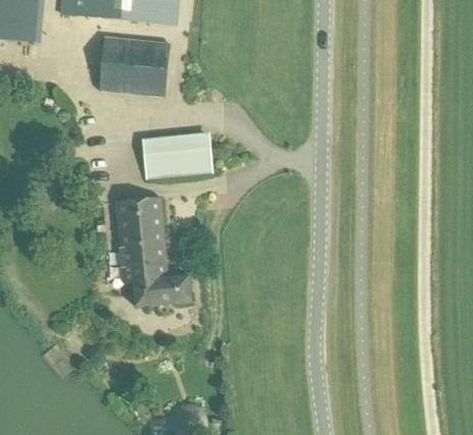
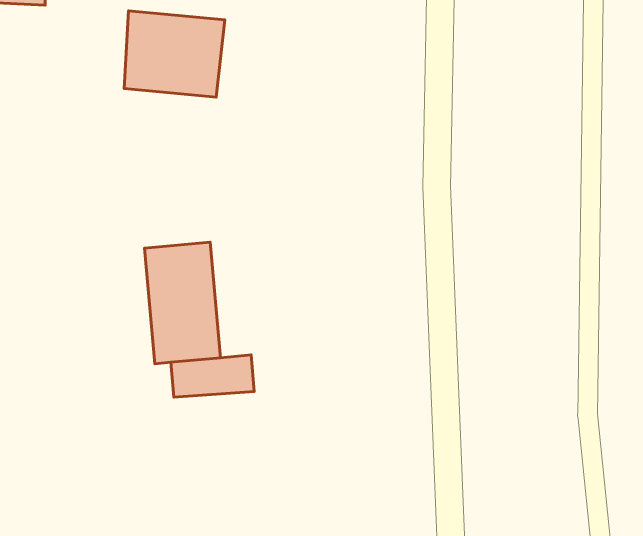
building: [141,135,210,176] -> none

